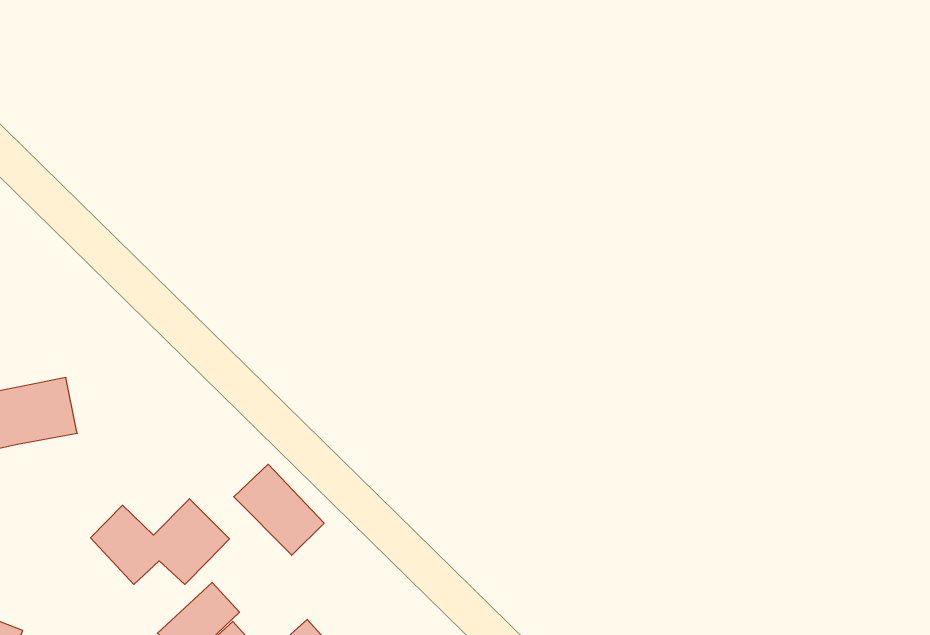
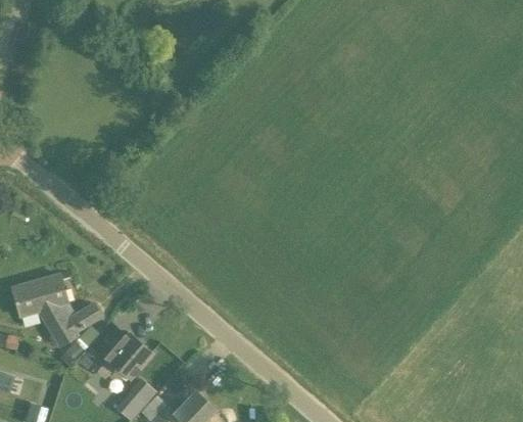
building: none -> [36,298,101,346]
building: [234,464,324,555] -> none

